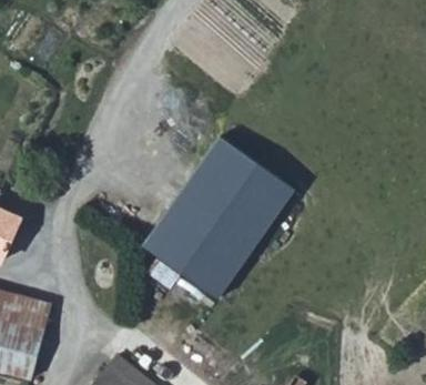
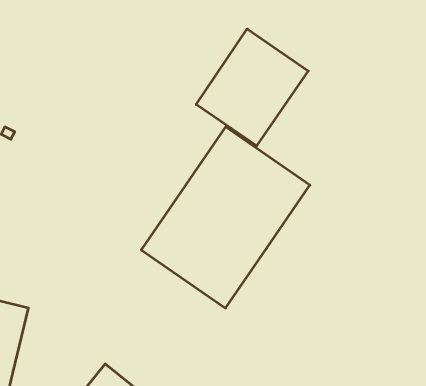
building: none -> [196,29,308,146]

